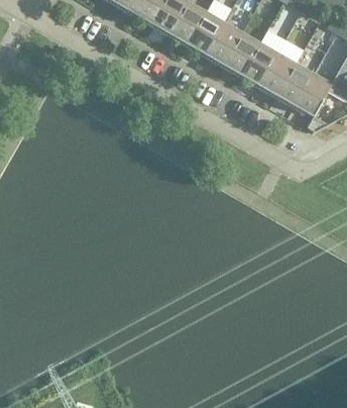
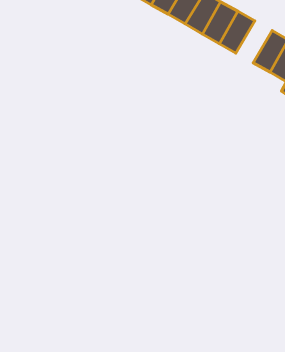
building: [258,50,297,95] -> none

